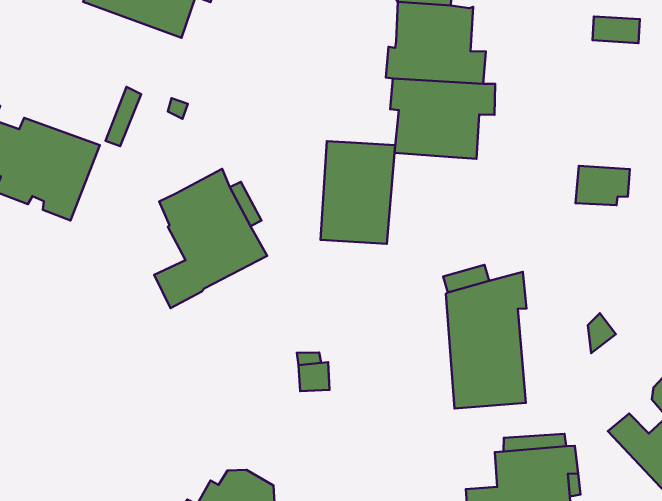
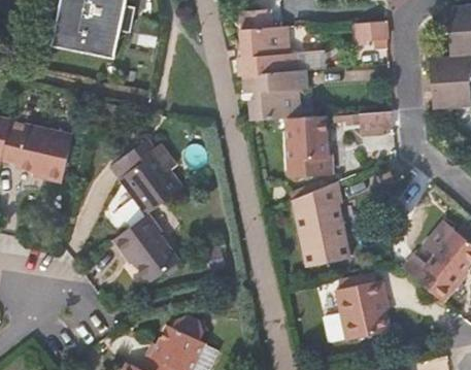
building: [320,141,395,244] -> [285,111,330,174]
building: none -> [113,213,179,283]

